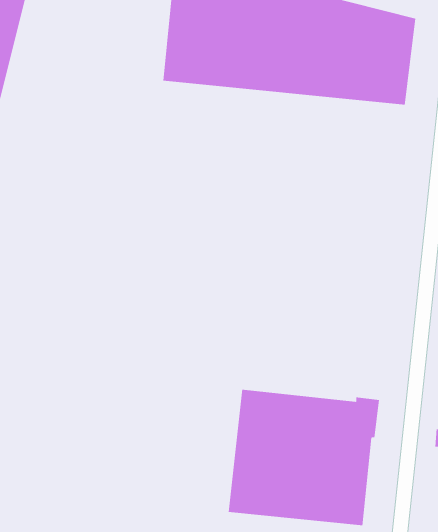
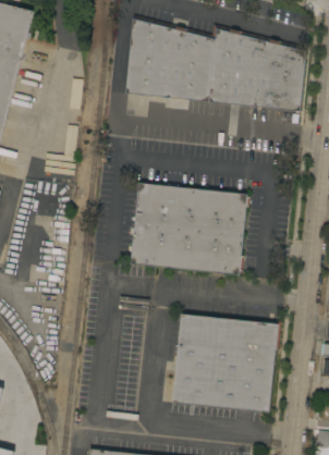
building: none -> [130,183,248,274]

